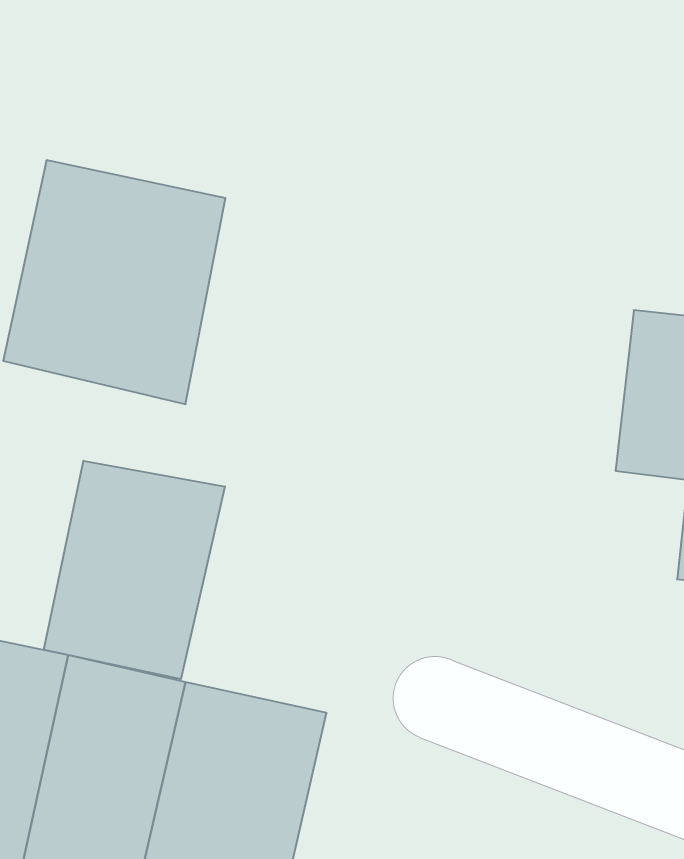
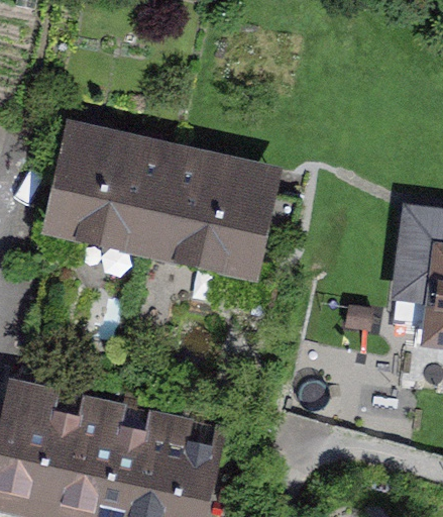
building: none -> [146,141,288,280]
building: [44,461,225,679] -> none

